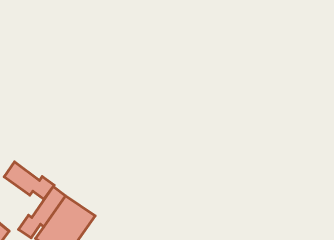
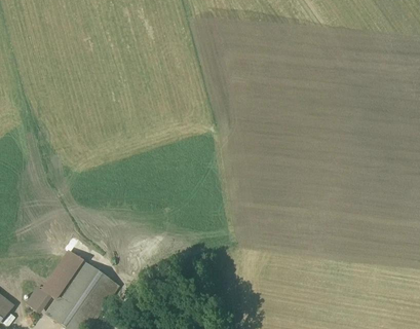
building: [4,162,54,199] -> none

